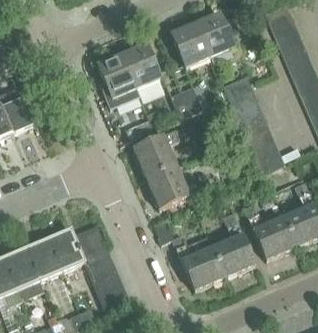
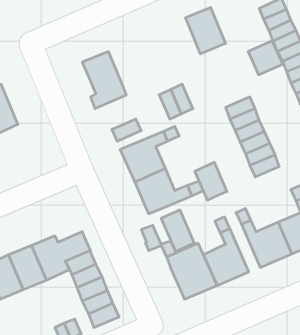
building: [172,22,210,66] -> none
building: [123,43,161,87] -> none
building: [224,75,257,107] -> [248,41,283,75]
building: none -> [195,162,227,200]
building: none -> [161,210,194,252]

